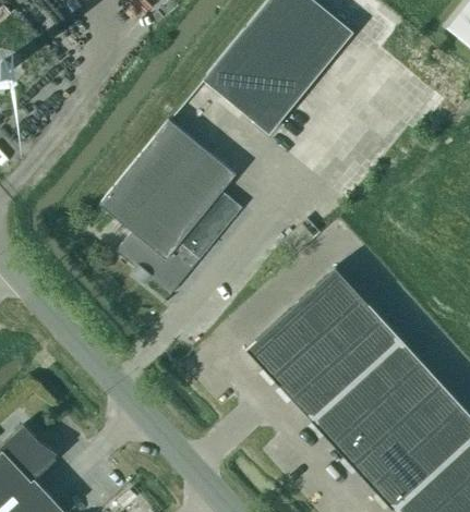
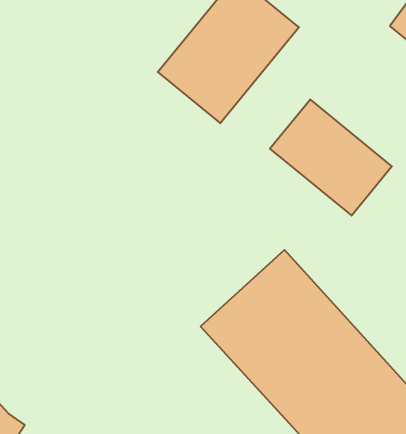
building: none -> [270,99,392,216]
building: [101,121,244,292] -> none

